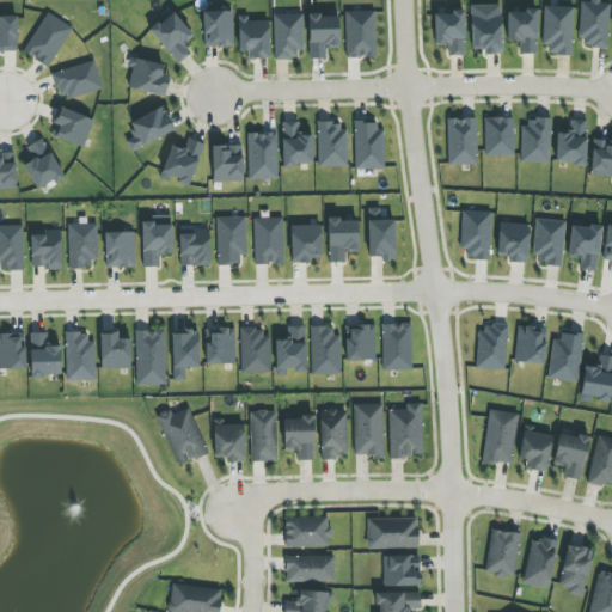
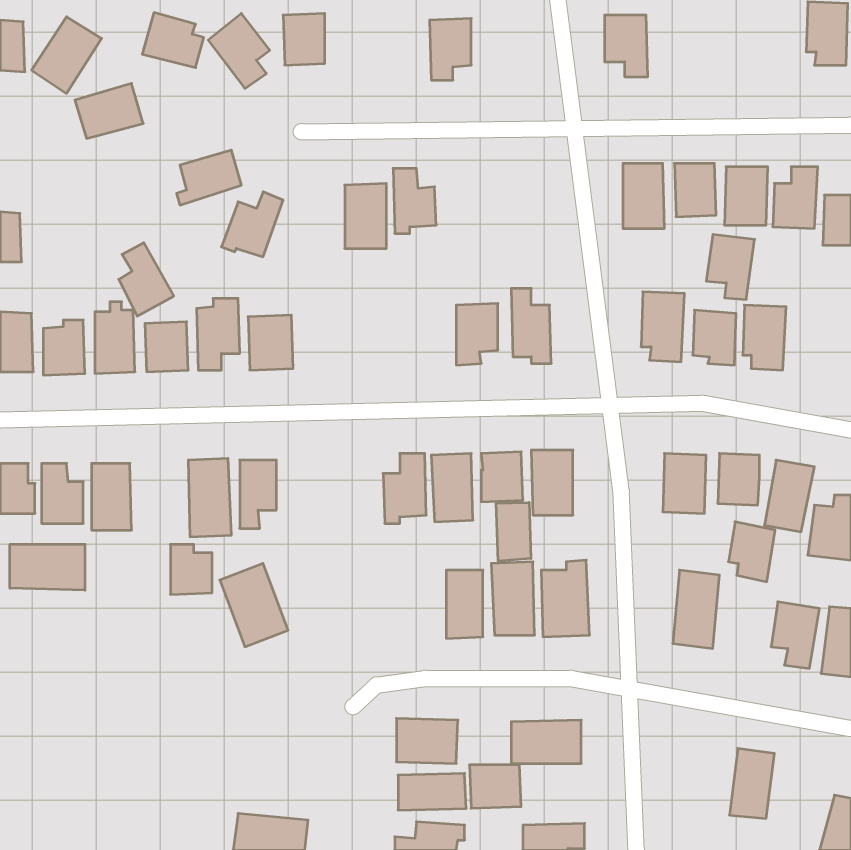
building: [544,6,573,54] -> none
building: [345,10,377,57] -> none
building: [507,10,538,53] -> none
building: [471,11,502,54] -> none
building: [274,13,304,59] -> none
building: [238,17,269,57] -> none
building: [126,56,170,96] -> [142,13,204,68]
building: [54,106,93,147] -> none
building: [317,121,345,165] -> none
building: [354,121,384,169] -> none
building: [24,137,63,190] -> [119,243,174,316]
building: [212,143,244,180] -> none
building: [216,215,246,264] -> none
building: [253,216,284,263] -> none
building: [290,224,322,261] -> none
building: [567,224,601,270] -> [706,234,755,299]
building: [206,326,235,363] -> none
building: [240,326,269,372] -> none
building: [100,332,130,368] -> [170,544,212,594]
building: none -> [496,502,531,561]
building: none -> [10,544,85,590]
building: [250,410,277,460] -> none
building: [283,416,314,459] -> none
building: [213,418,244,461] -> none
building: [519,429,552,472] -> [728,522,775,582]
building: [484,528,520,576] -> none
building: [558,544,593,596] -> none
building: [382,555,420,586] -> [469,765,521,808]

